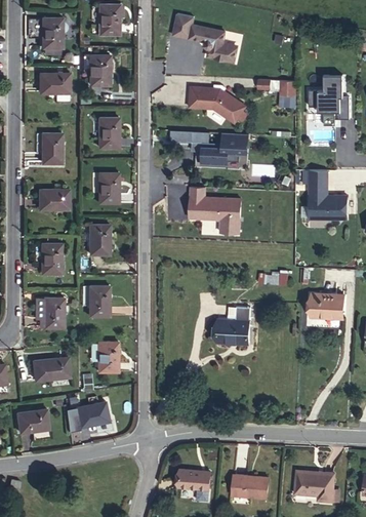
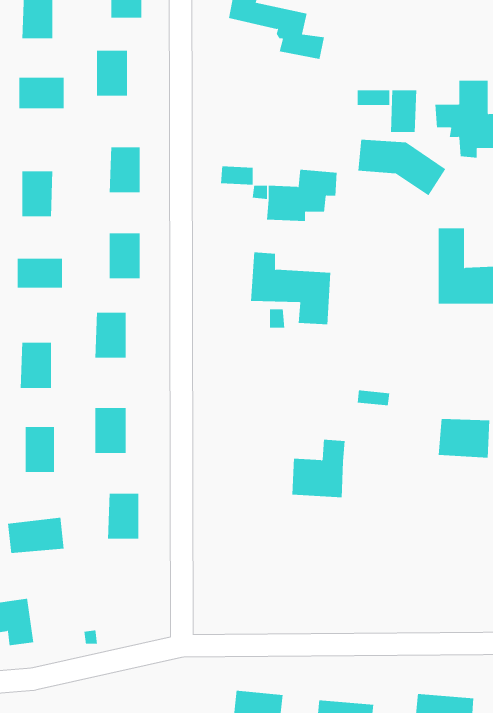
building: [190,86,247,123] -> [357,139,446,196]
building: [76,401,110,427] -> none

